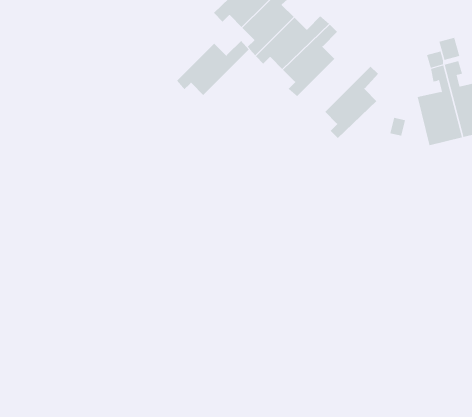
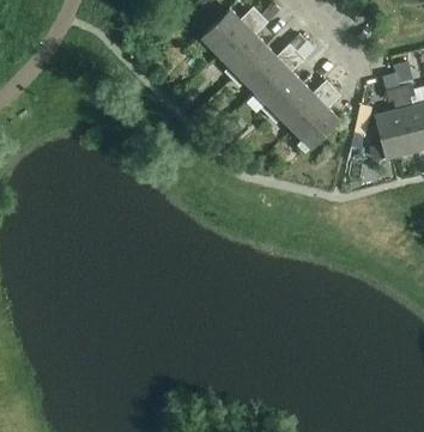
building: [176,40,249,96] -> [268,80,333,129]

